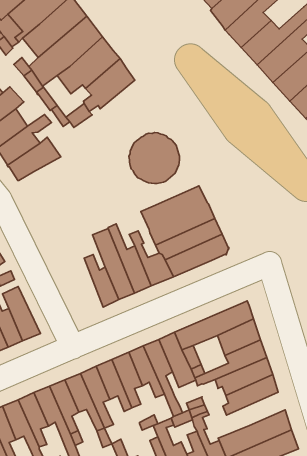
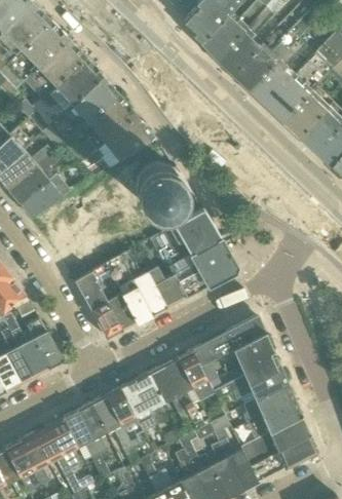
building: none -> [86,114,154,179]
building: none -> [75,272,121,339]
building: none -> [233,399,302,439]

